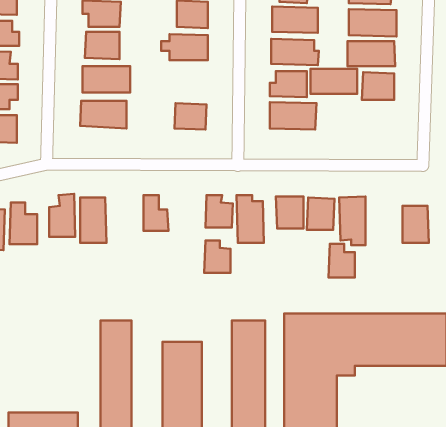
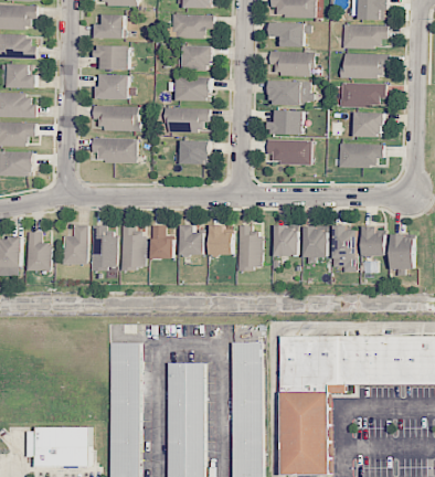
building: none -> [165,107,205,131]
building: [311,69,357,94] -> [337,144,380,167]
building: none -> [120,226,145,269]
building: [204,241,230,273] -> [179,225,203,255]
building: [329,244,355,277] -> [360,225,384,256]

